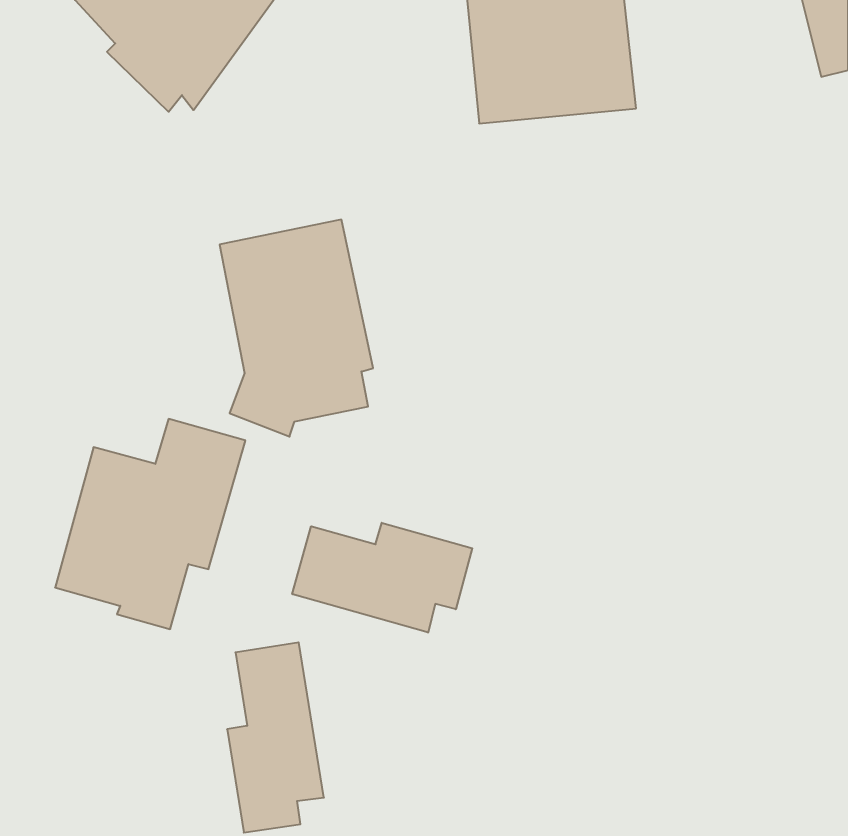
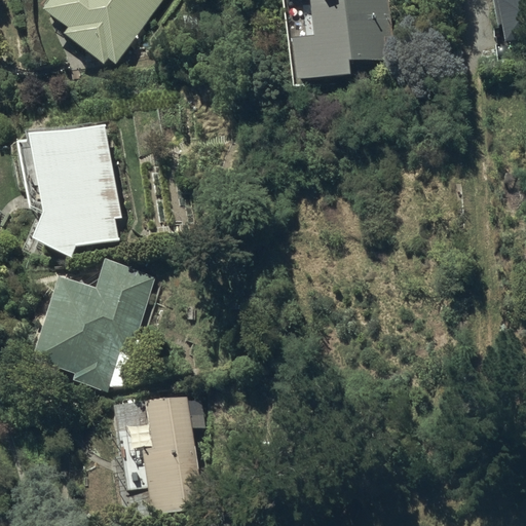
building: [220,220,373,437] -> [27,120,121,254]
building: [292,523,472,633] -> none

